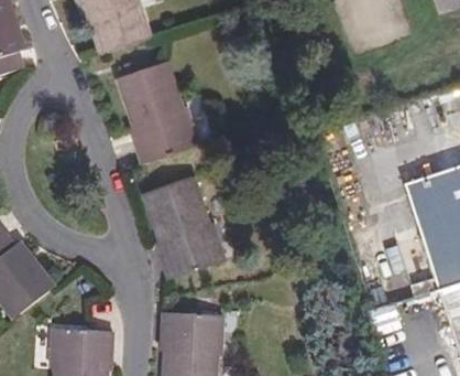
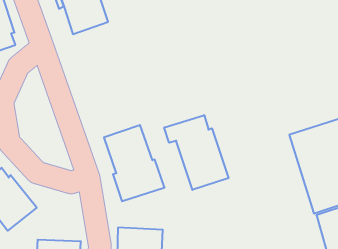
building: [118,60,199,162] -> none
building: none -> [164,115,228,190]

